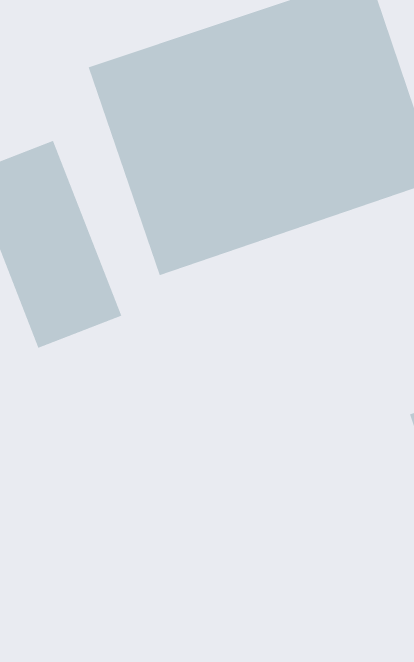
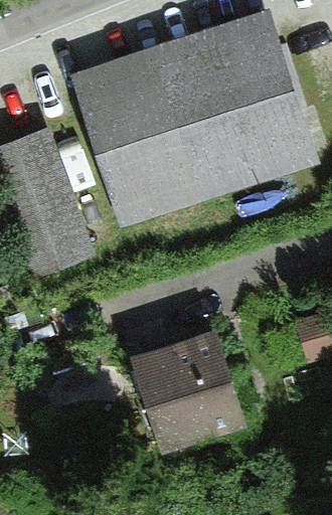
building: none -> [134,333,245,452]

